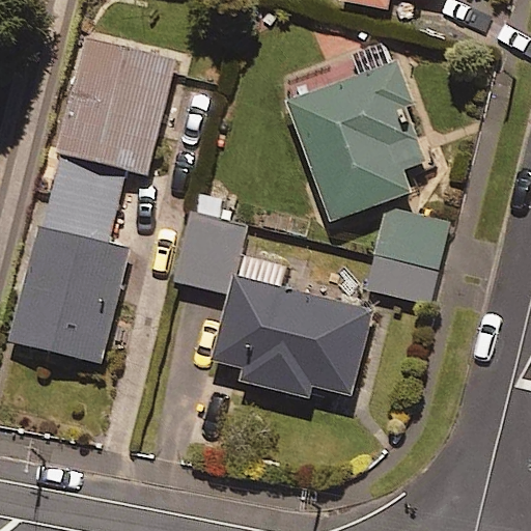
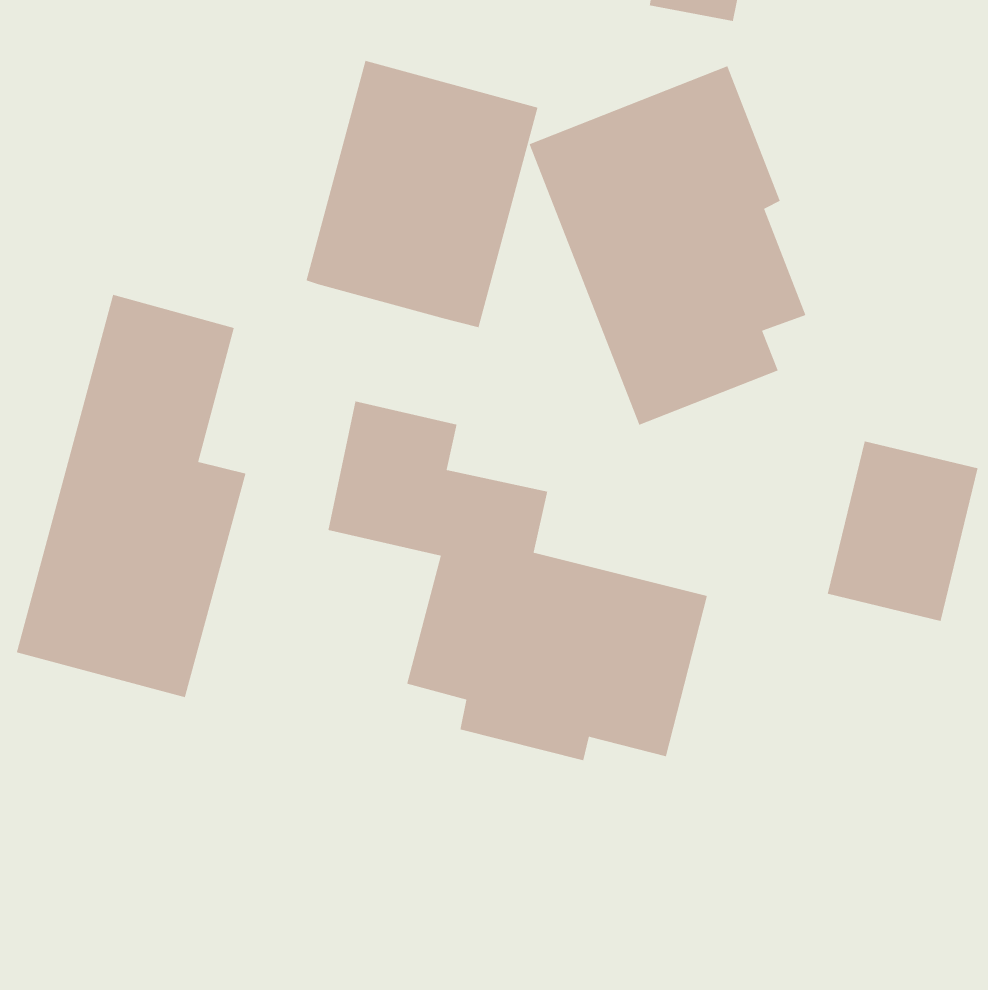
building: [53,36,175,177] -> [306,60,538,328]
building: [366,206,446,302] -> [827,440,979,622]

